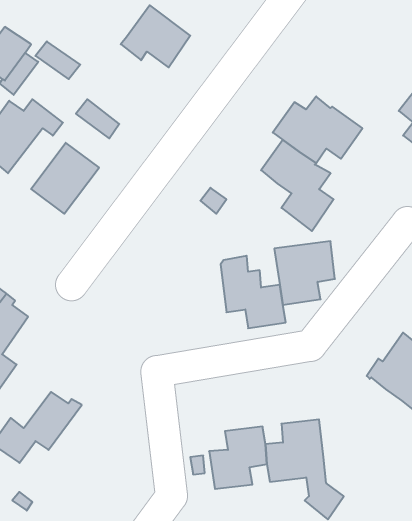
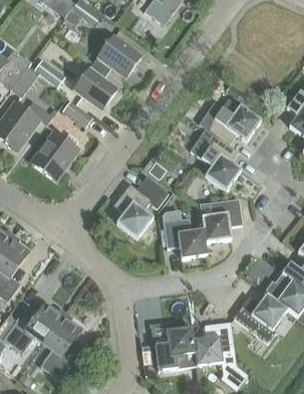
building: none -> [73,62,117,111]
building: none -> [113,176,169,239]
building: none -> [234,293,288,344]
building: none -> [40,313,81,381]

